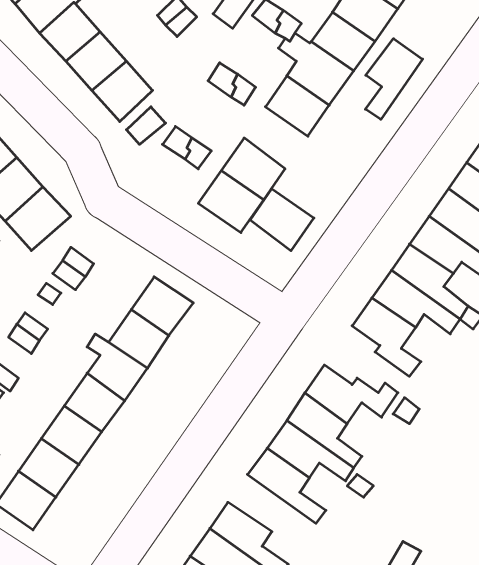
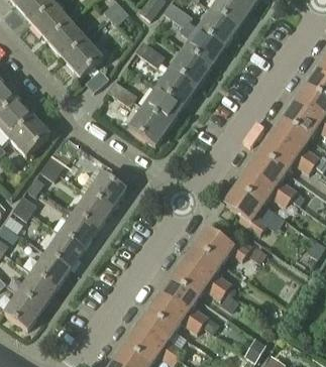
building: [365,39,423,119] -> none
building: [250,189,314,251] -> [157,68,197,106]
building: none -> [147,294,202,332]

